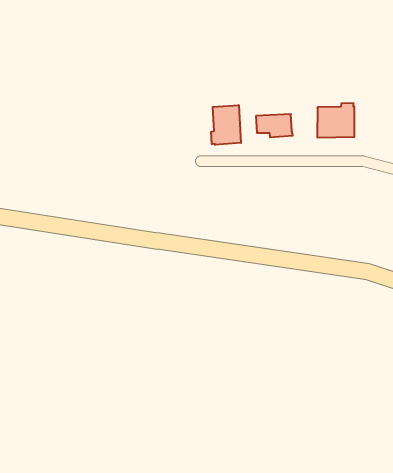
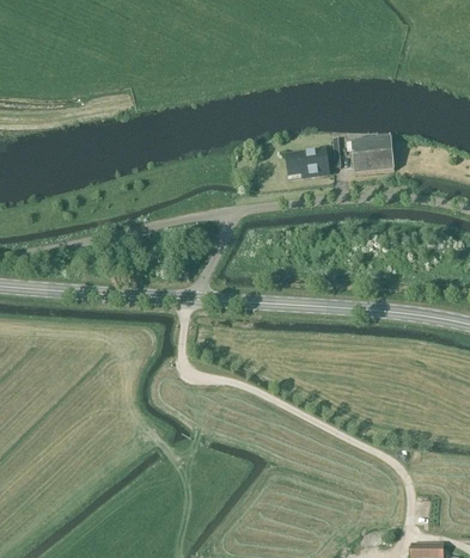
building: [211,105,241,145] -> none

